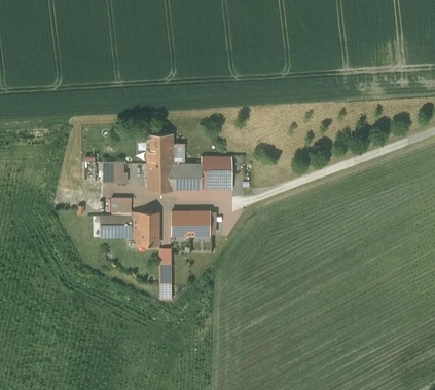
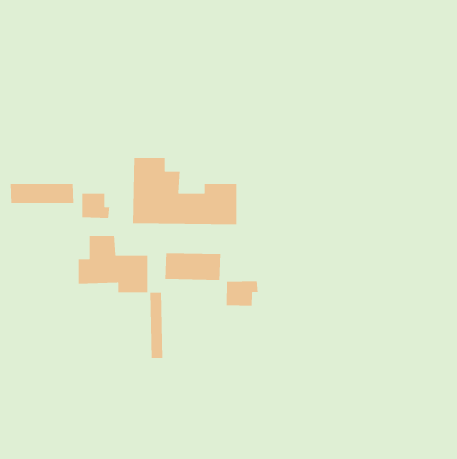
building: none -> [10,183,74,204]
building: none -> [226,281,259,306]

